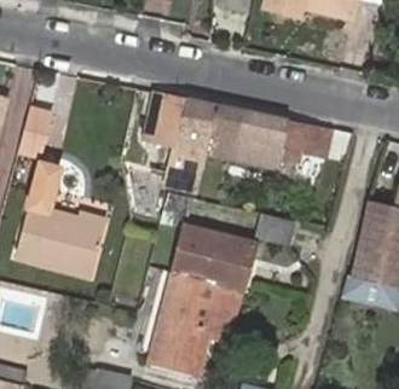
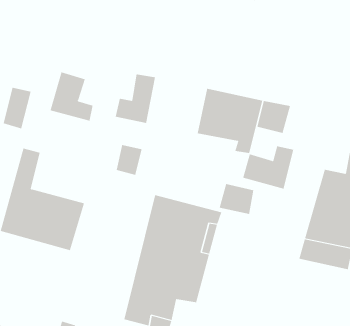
building: none -> [50,72,93,121]
building: [177,97,242,158] -> none
building: none -> [243,145,294,189]

